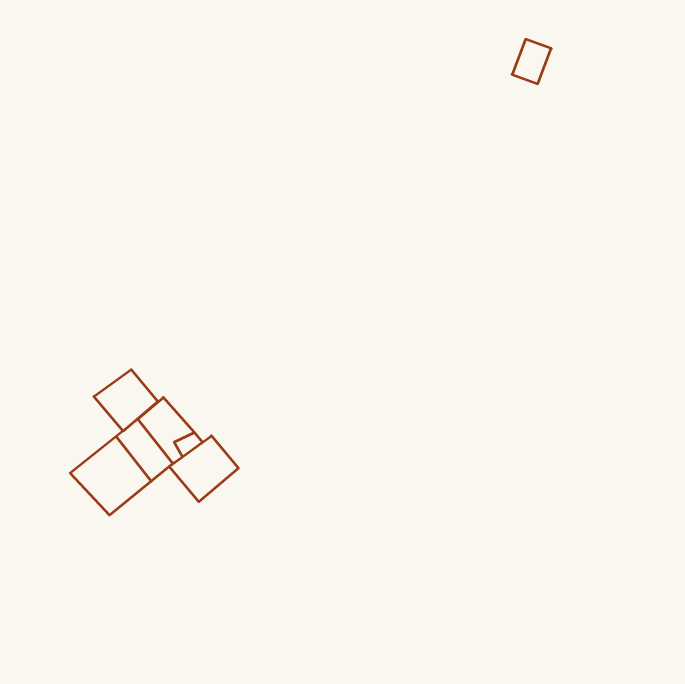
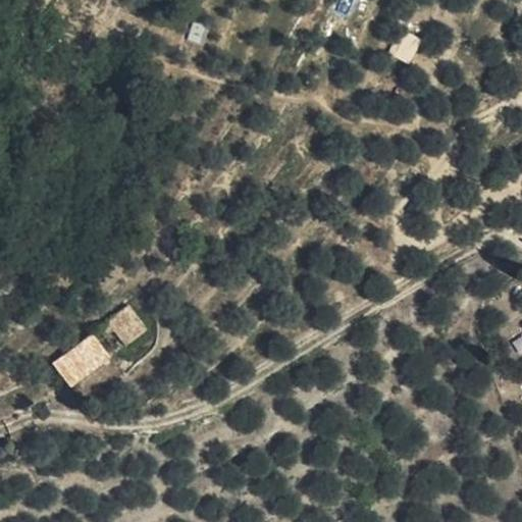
building: [94,370,158,431] -> none
building: [169,436,238,502] -> none

